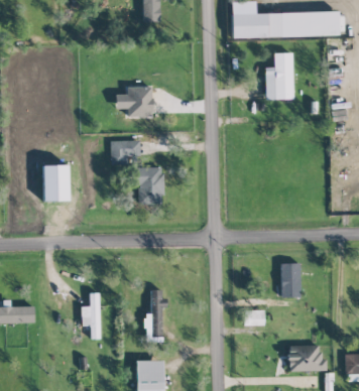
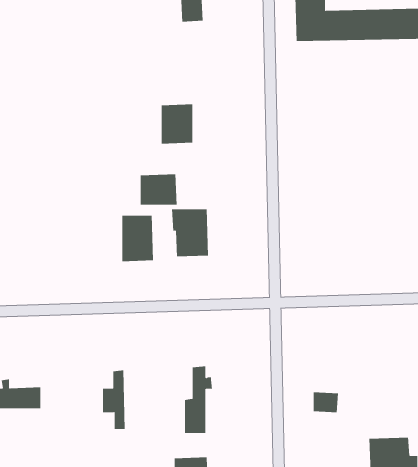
building: [265,52,293,100] -> none
building: [43,165,69,202] -> [121,215,154,262]
building: [281,263,301,297] -> none

